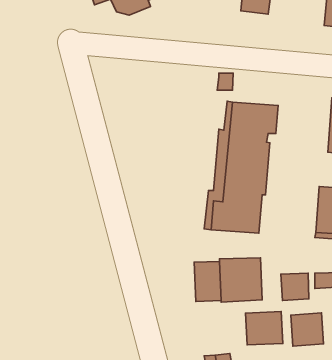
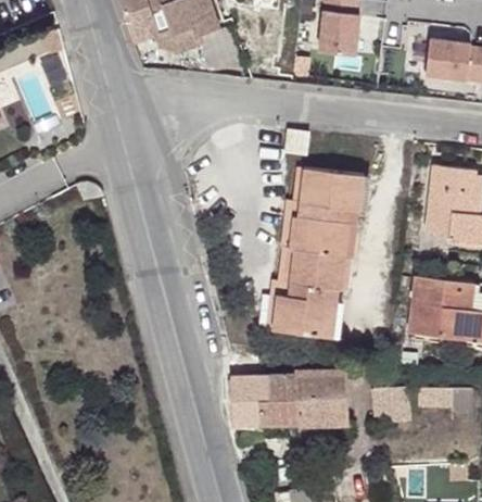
building: none -> [228,375,261,427]
building: [246,312,283,345] -> none
building: [291,313,324,346] -> none

